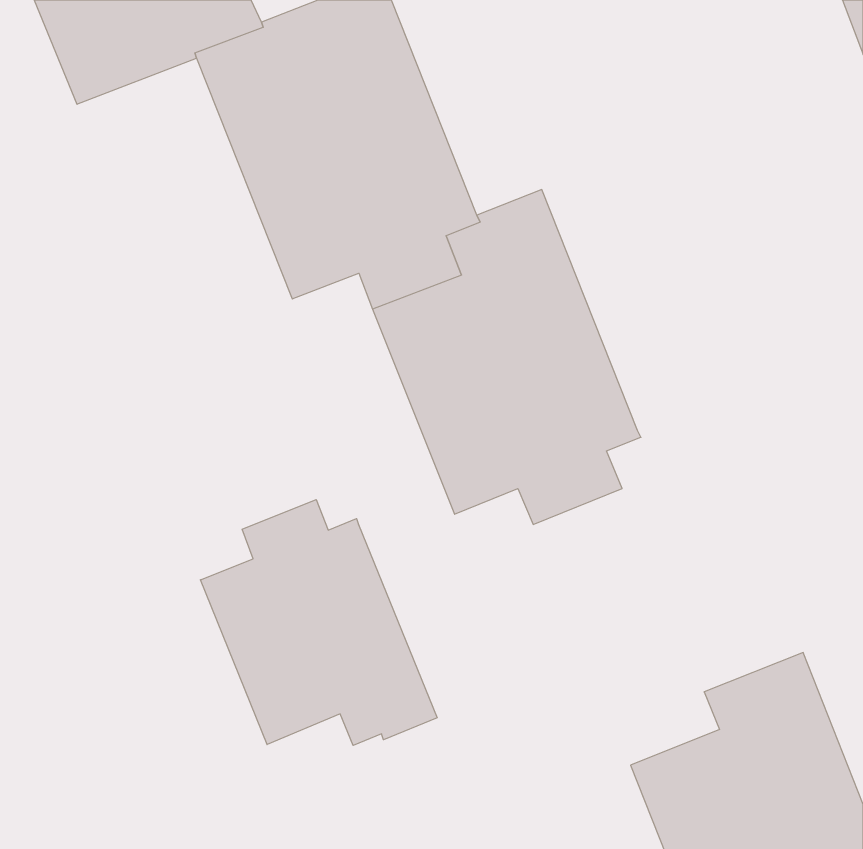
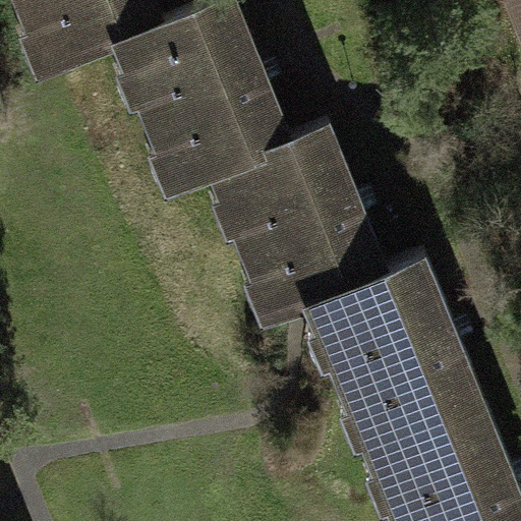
building: none -> [317,255,478,470]
building: [200,500,437,745] -> none

